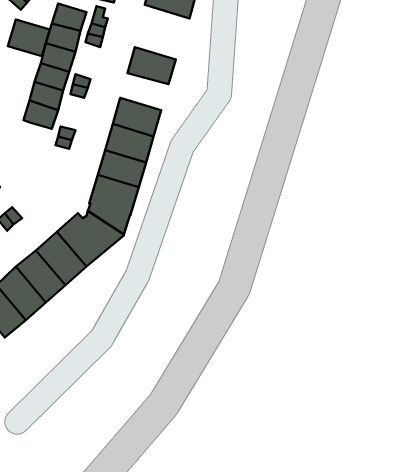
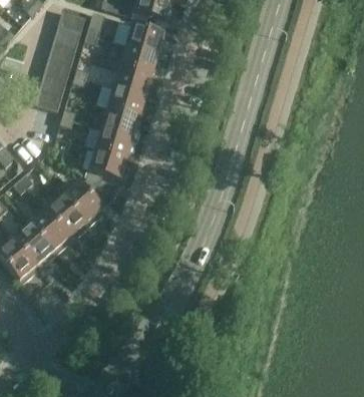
building: [8,20,50,56] -> none
building: none -> [124,23,164,54]
building: none -> [112,65,151,95]

